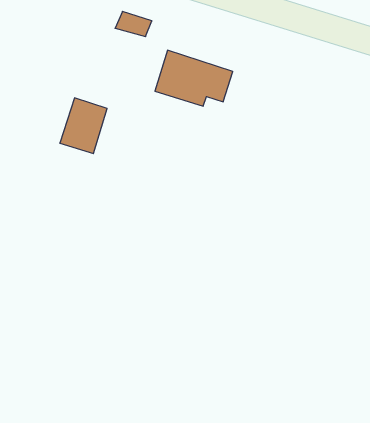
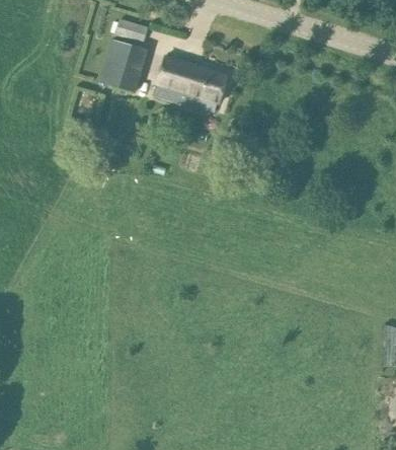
building: [60,98,107,154] -> [96,43,142,96]

